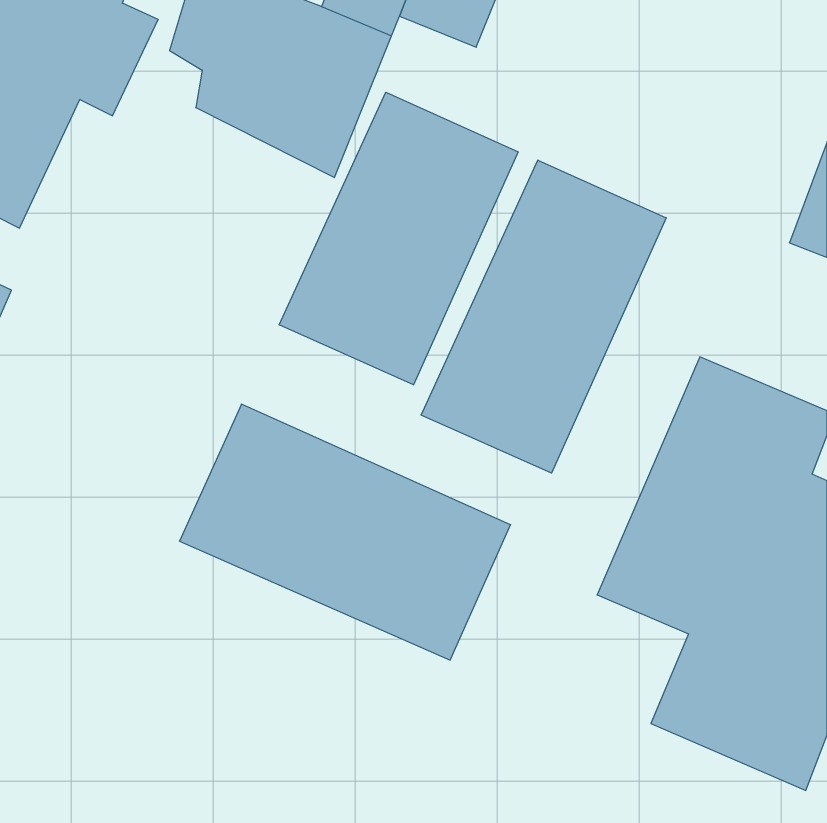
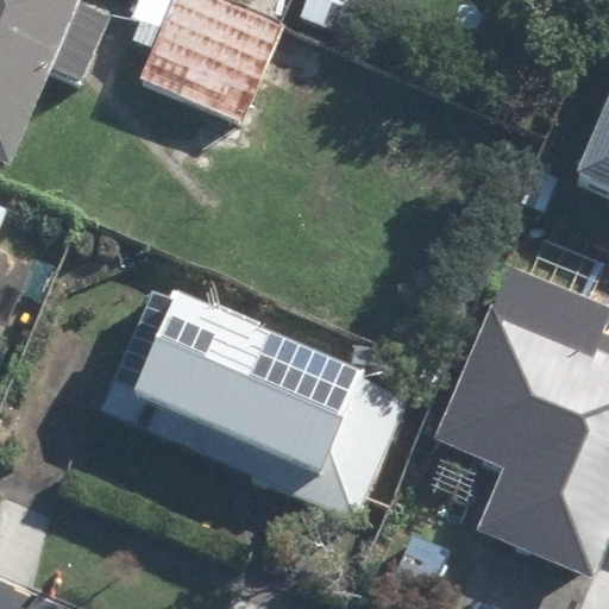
building: [279,92,518,385] -> none
building: [421,160,666,473] -> none

